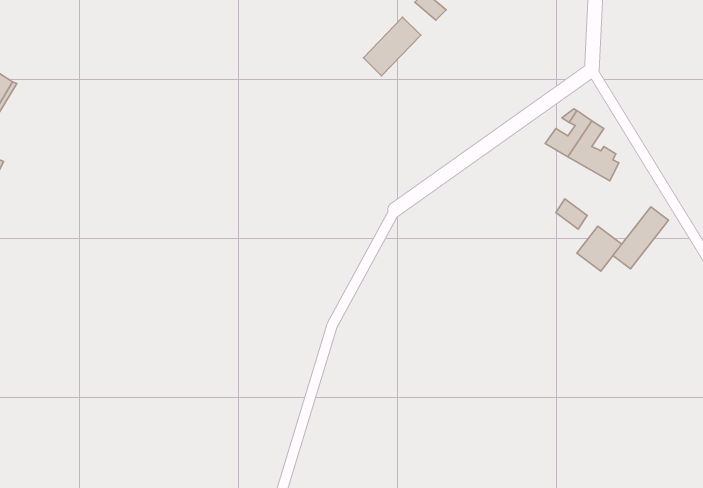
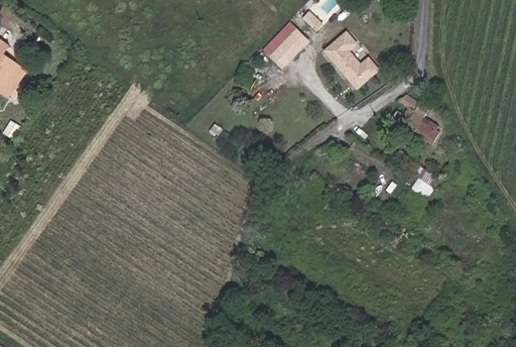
building: none -> [321,31,375,86]
building: [613,207,668,269] -> none

